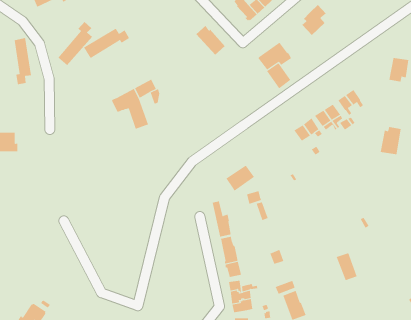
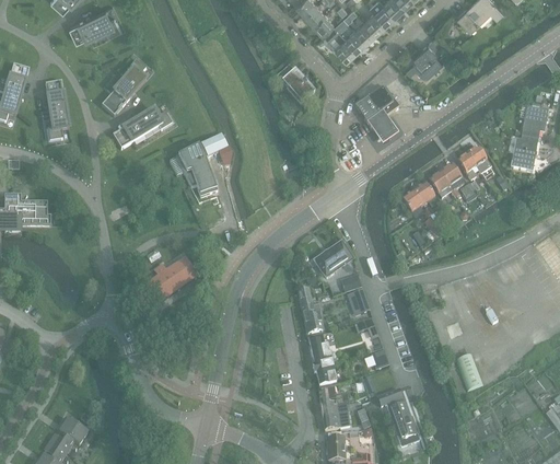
building: [83,28,130,59] -> [113,111,172,150]
building: [380,126,401,155] -> [511,135,538,171]
building: none -> [145,257,198,303]

